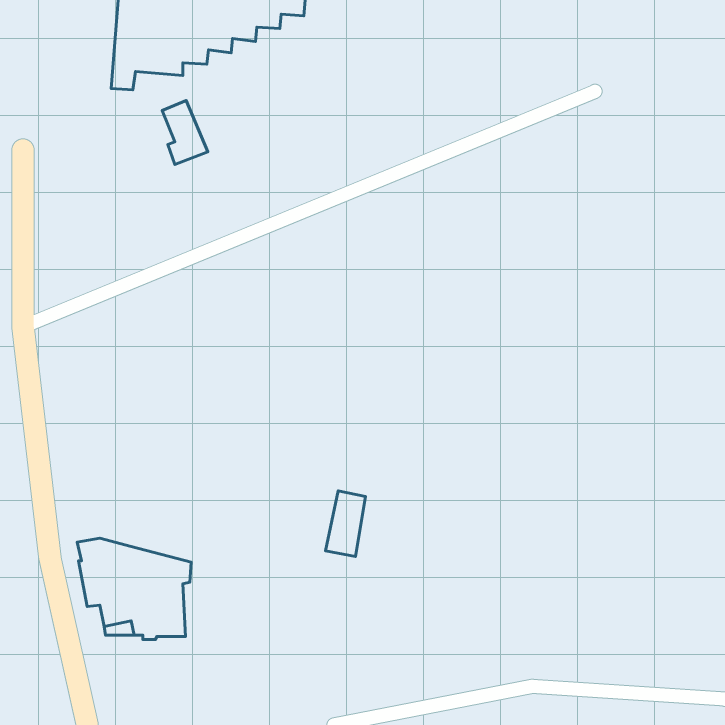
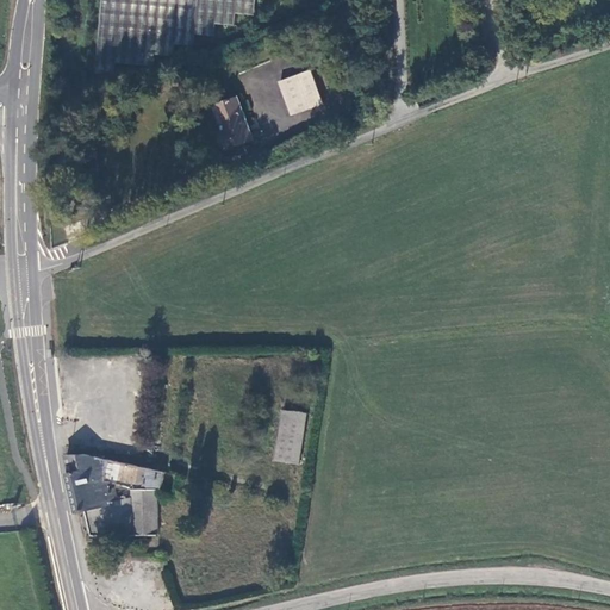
building: none -> [279,67,323,113]
building: [162,100,208,165] -> [216,97,254,150]

